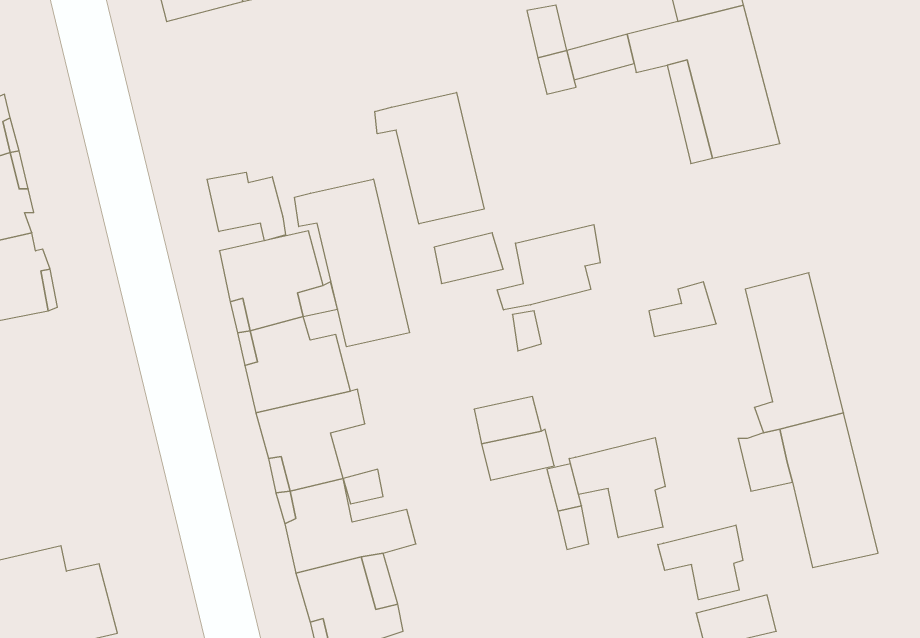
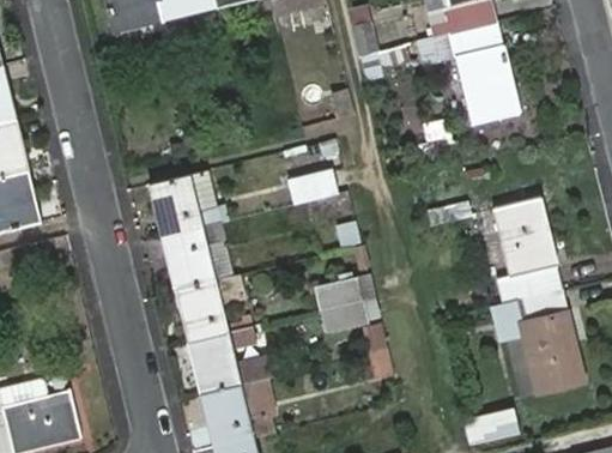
building: [375,92,484,224] -> none
building: [207,172,285,241] -> none
building: [295,179,409,347] -> none
building: [497,225,600,310] -> none
building: [569,438,665,538] -> none
building: [658,525,743,600] -> none

